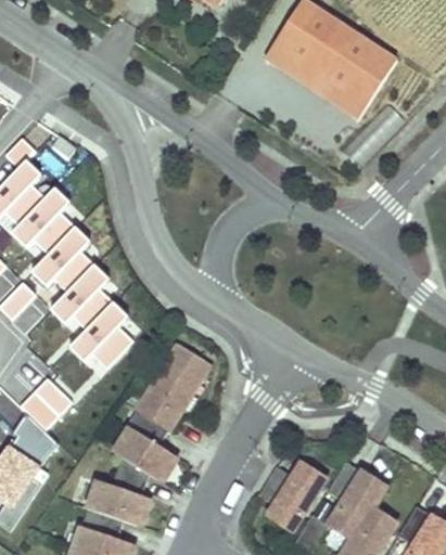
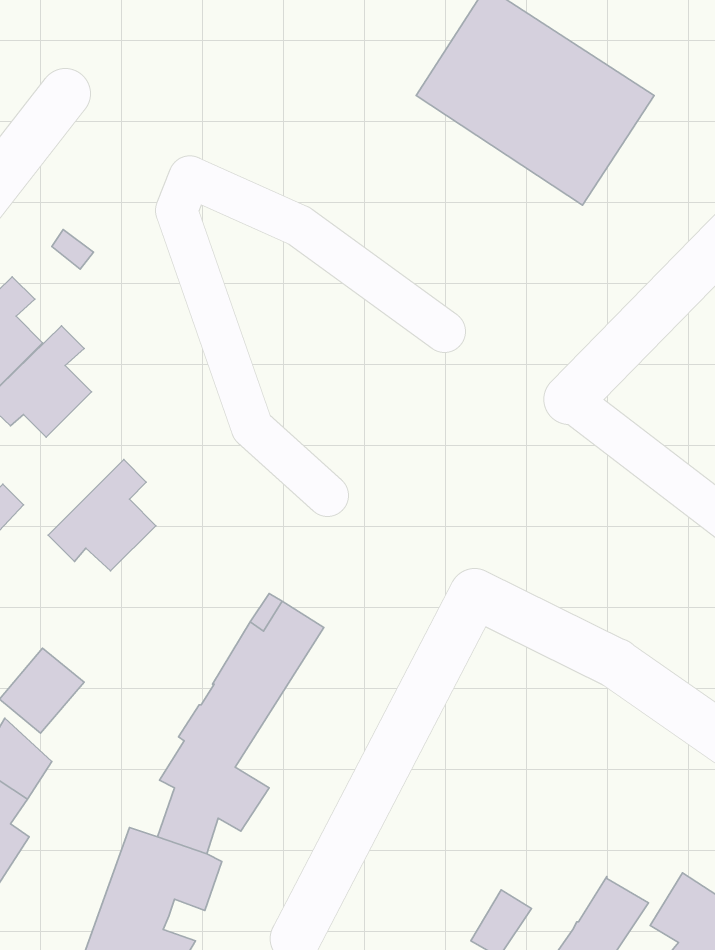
building: [33,229,93,293] -> none
building: [69,306,131,371] -> none
building: [327,462,386,538] -> none
building: [258,463,326,529] -> none

